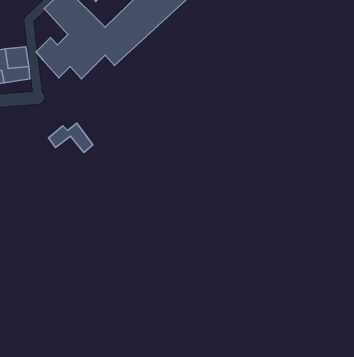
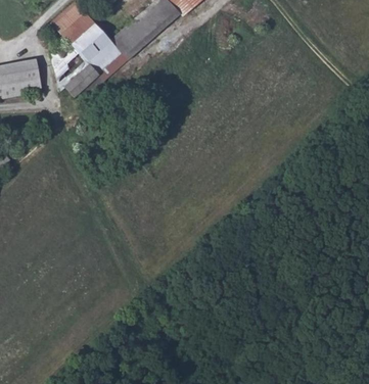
building: [49,123,93,152] -> none

